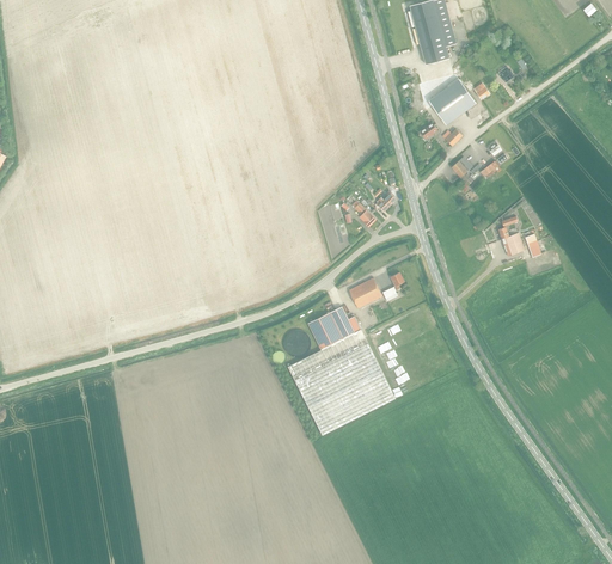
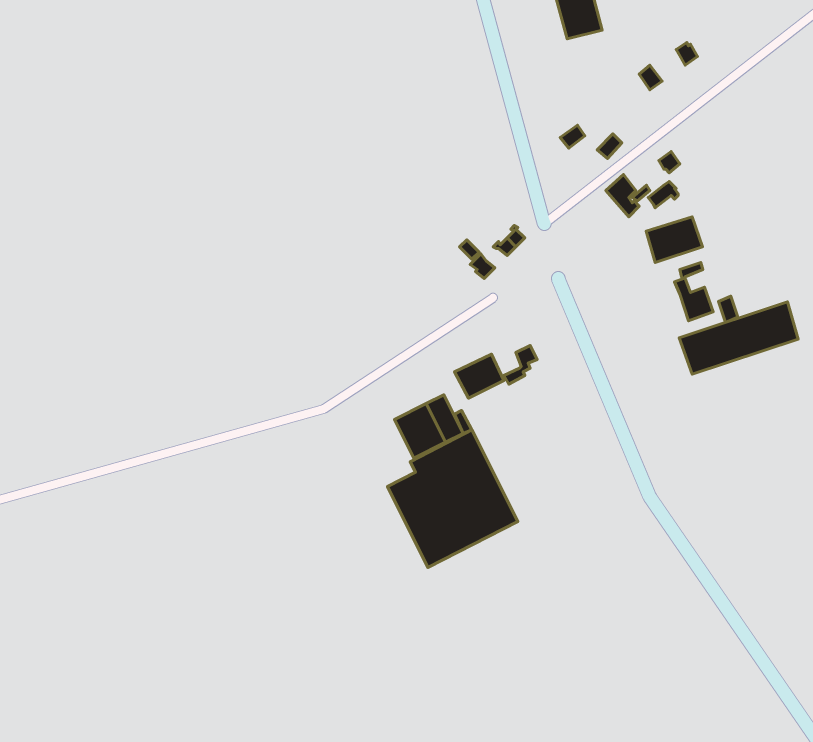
building: [430,82,476,124] -> none
building: none -> [646,217,703,263]
building: none -> [679,302,798,374]

